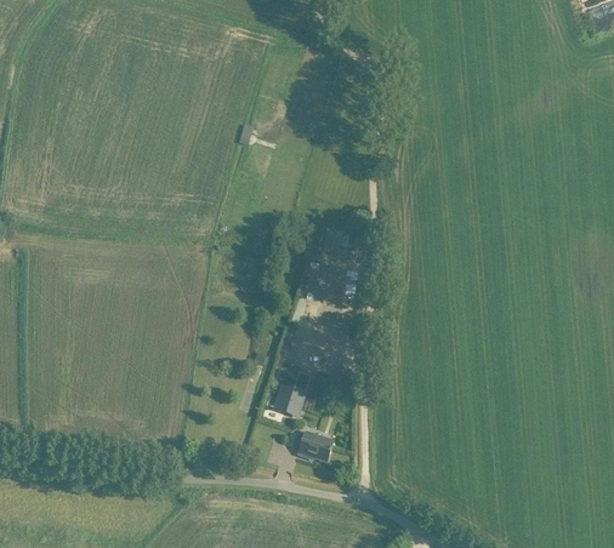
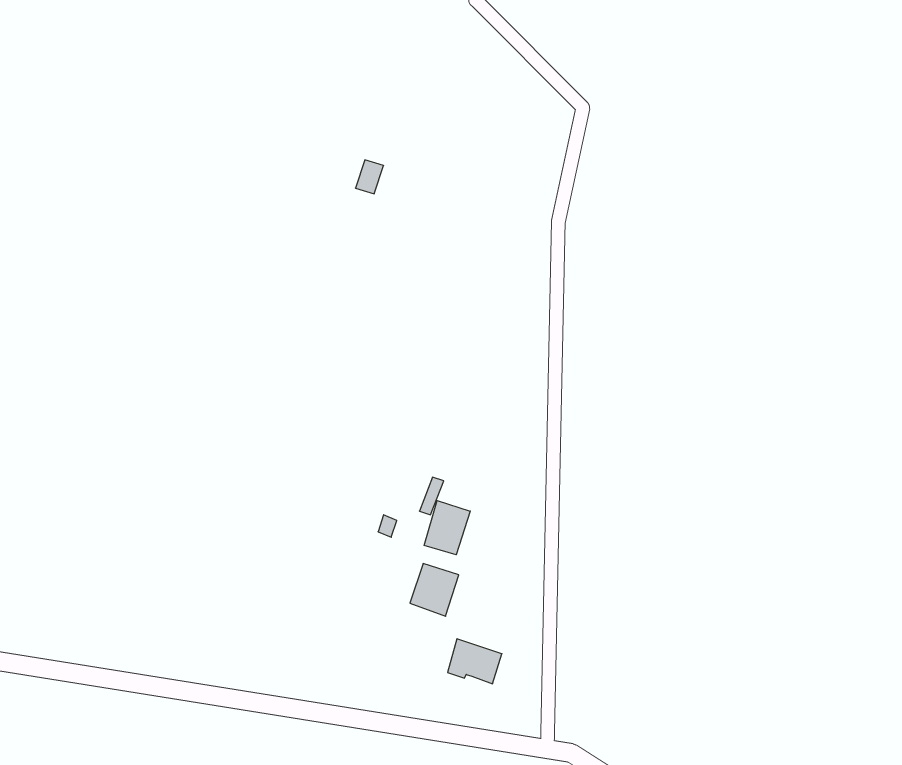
building: none -> [424,501,470,555]

